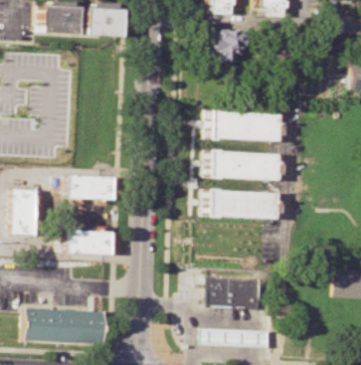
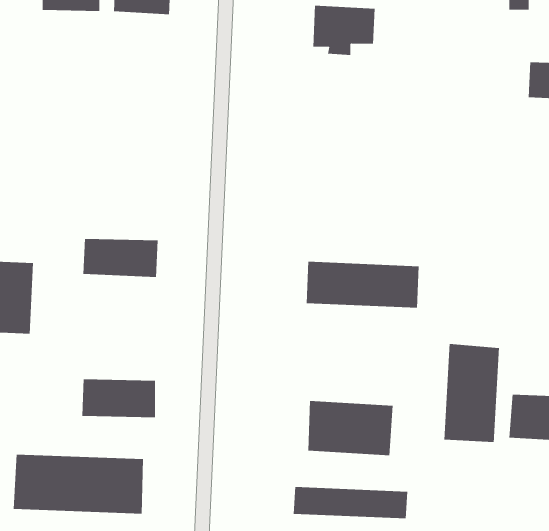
building: [211,110,282,140] -> none
building: [210,150,281,179] -> none
building: [67,230,114,254] -> [81,379,156,418]
building: none -> [444,343,499,443]

